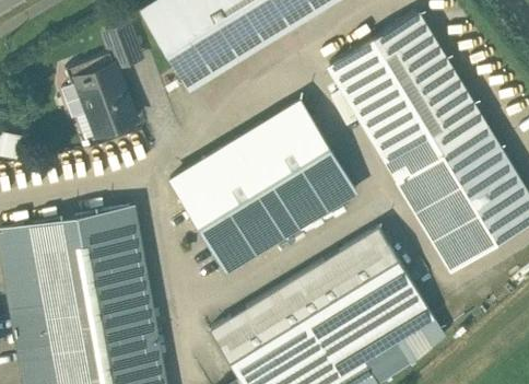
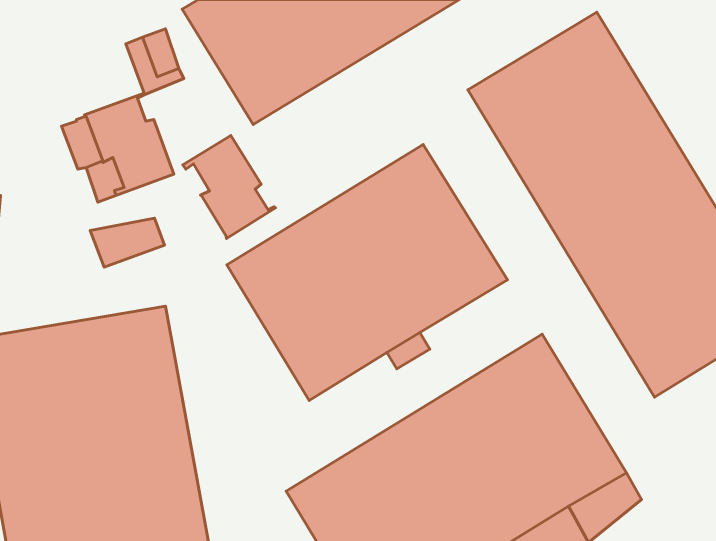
building: [64,51,116,84] -> none
building: none -> [183,135,275,238]
building: none -> [90,218,164,267]

